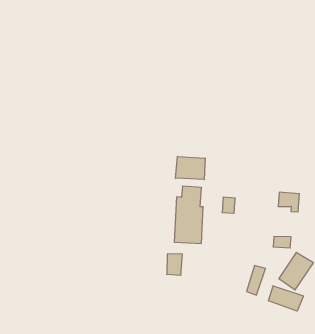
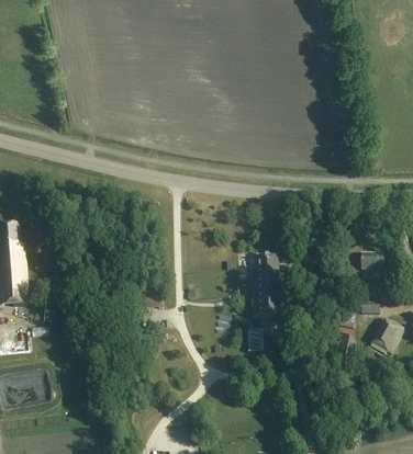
building: [175,156,205,180] -> none
building: [268,286,303,311] -> none

